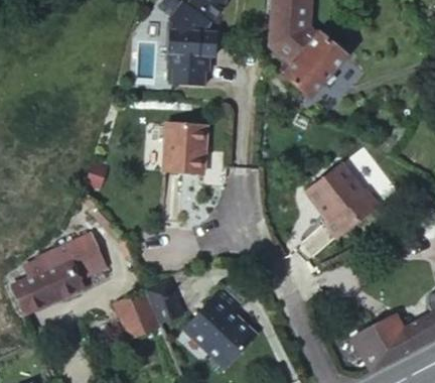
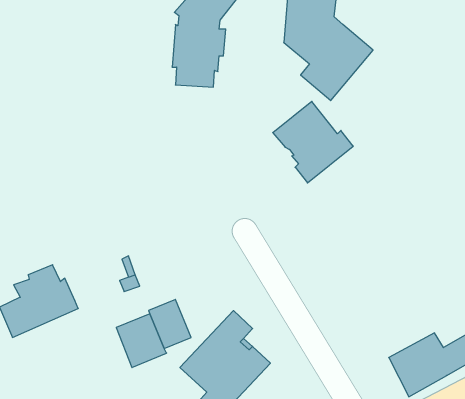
building: [160,124,204,175] -> none
building: [307,160,380,234] -> [273,101,353,183]
building: [59,233,108,279] -> none

